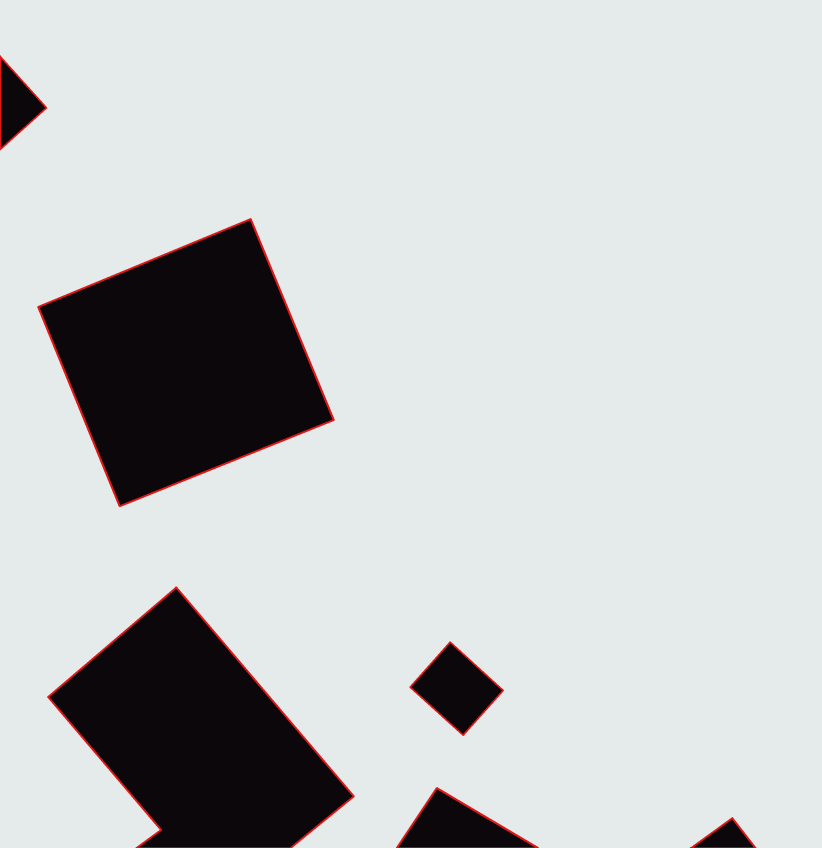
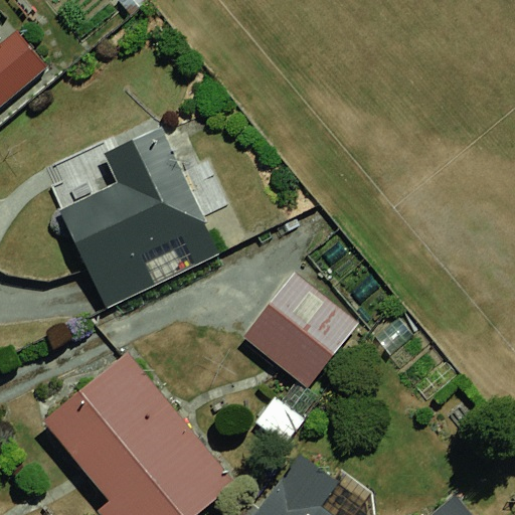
building: none -> [238,270,358,388]

